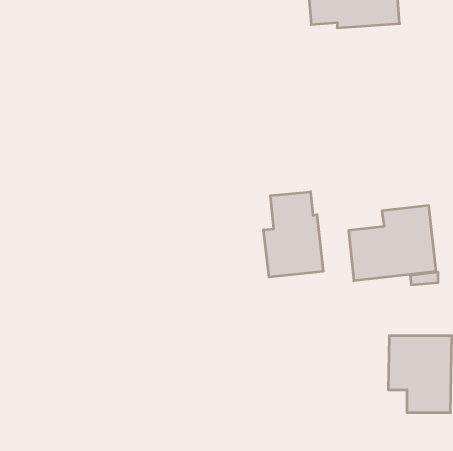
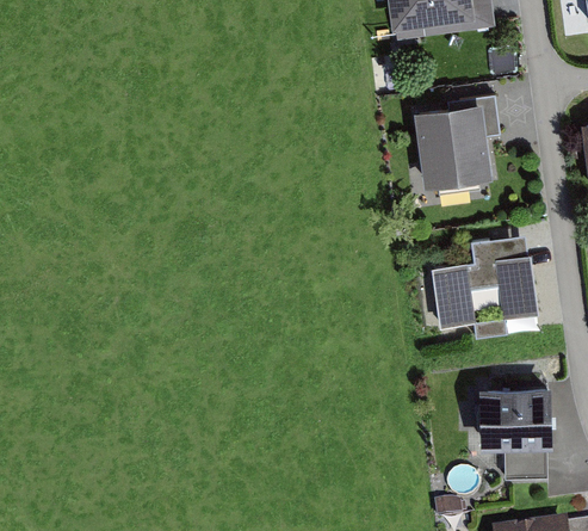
building: none -> [415,105,488,189]
building: [264,192,323,277] -> none

